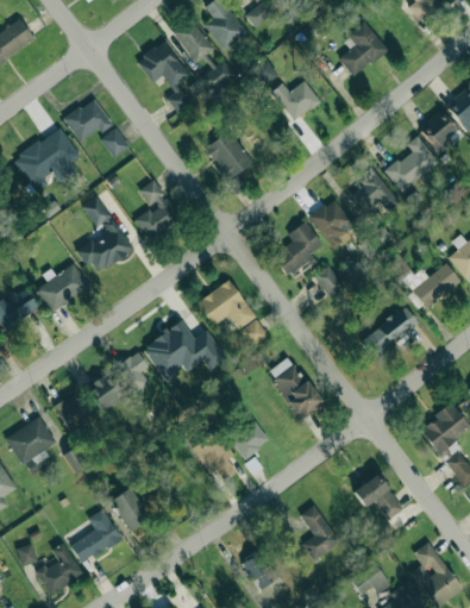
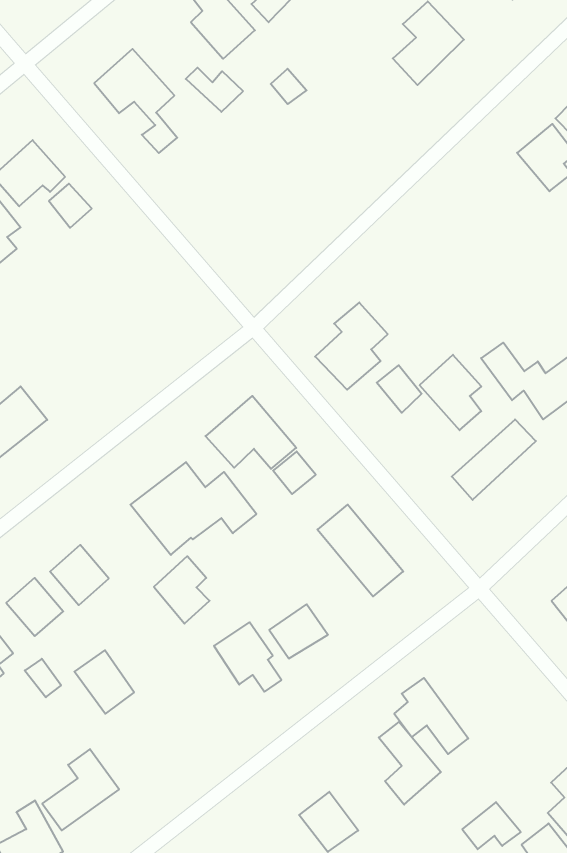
building: [175,18,214,63] -> none
building: [271,81,321,121] -> none
building: [205,130,253,192] -> none
building: [386,136,440,193] -> none
building: [352,171,400,211] -> none
building: [136,180,181,239] -> none
building: [77,196,133,272] -> none
building: [311,199,352,250] -> [420,355,481,430]
building: [113,351,150,396] -> [154,556,210,624]
building: [353,469,402,521] -> [394,678,468,754]
building: [109,488,149,531] -> [74,650,134,714]

